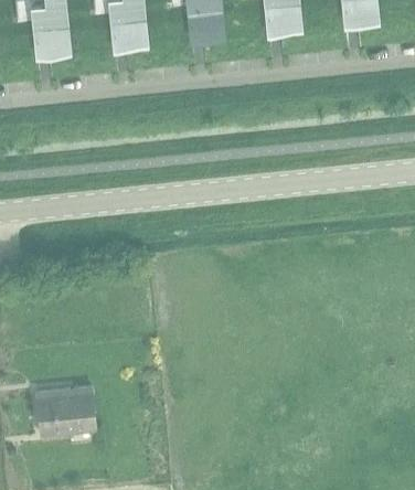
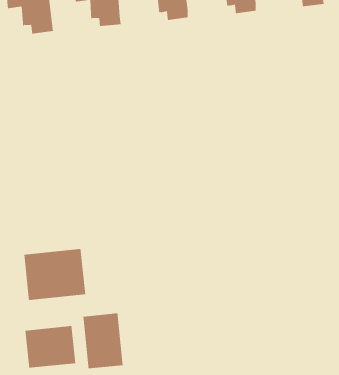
building: none -> [24,248,86,301]
building: none -> [83,313,123,369]

